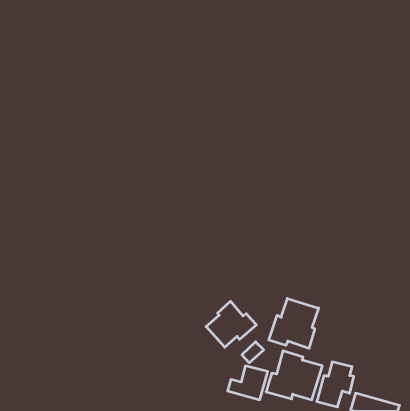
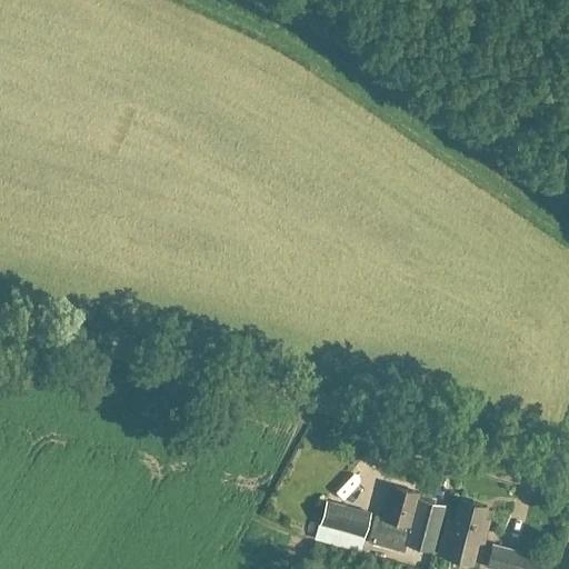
building: [269,298,319,348] -> none
building: [206,301,256,347] -> none

